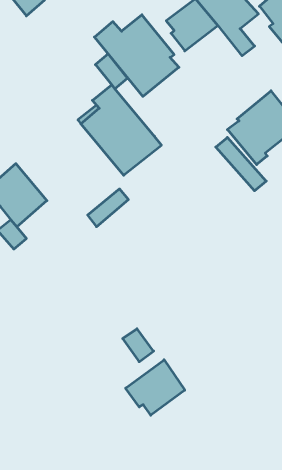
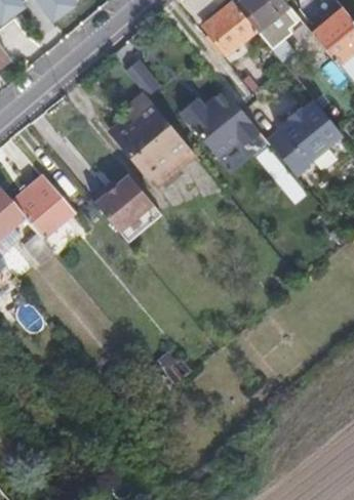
building: [94,15,179,96] -> [178,90,267,176]
building: none -> [95,173,153,230]
building: [126,360,185,415] -> none

